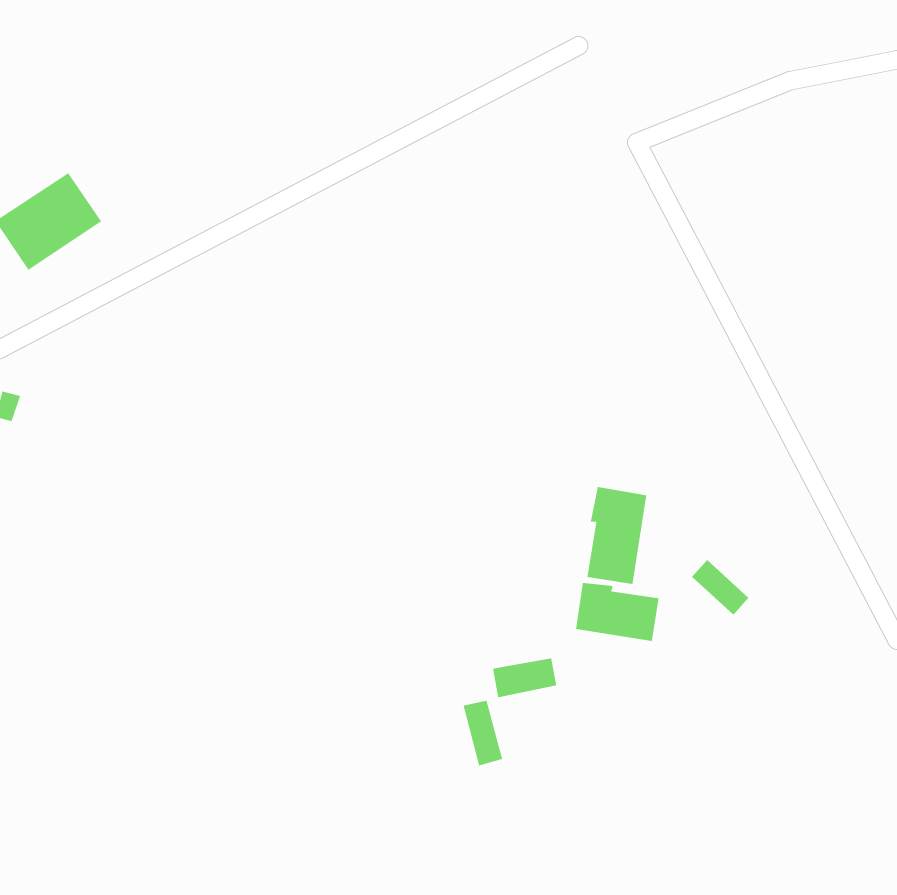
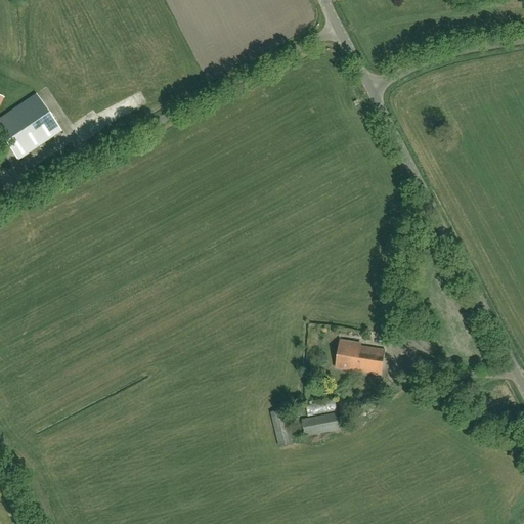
building: [586,486,647,585] -> none
building: [492,658,557,698] -> [301,411,339,435]

